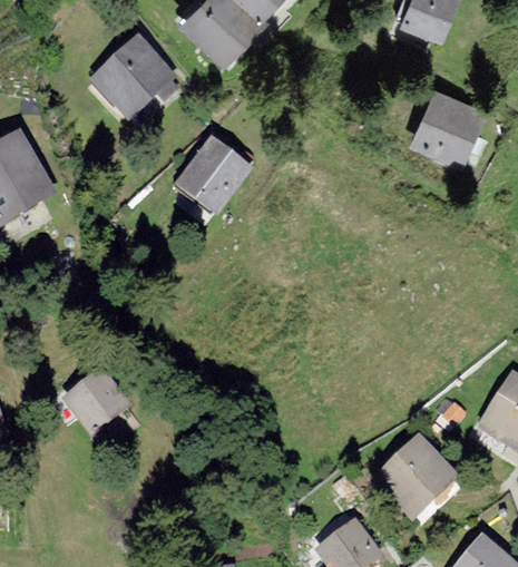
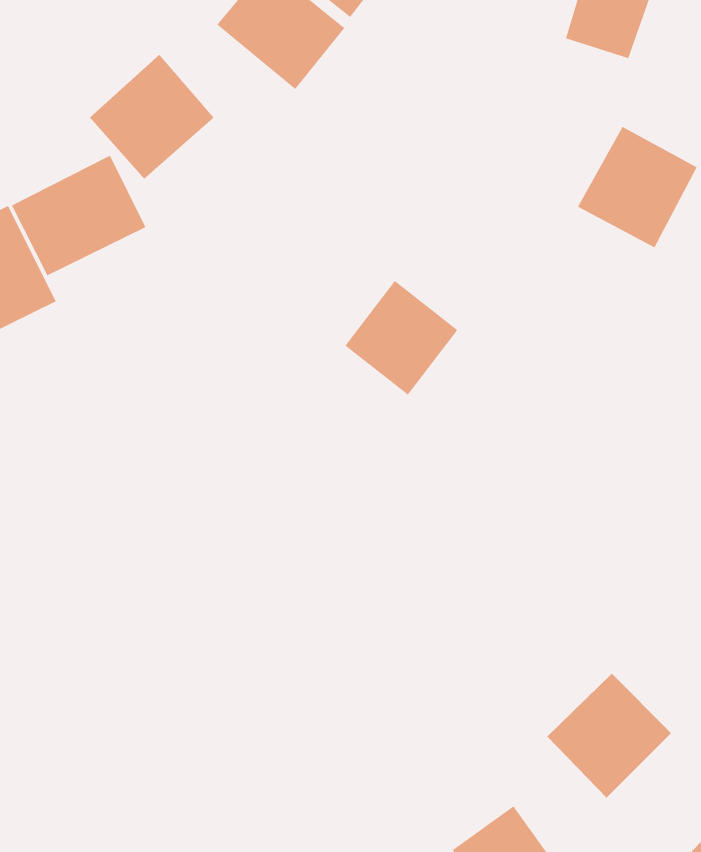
building: none -> [11,155,146,276]
building: [166,143,240,217] -> [345,280,458,395]
building: [70,373,133,433] -> none

